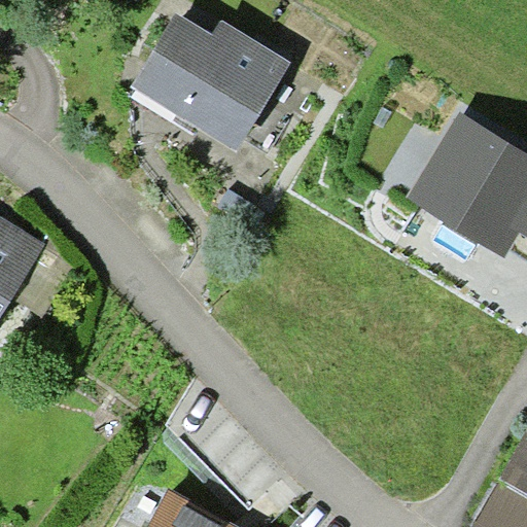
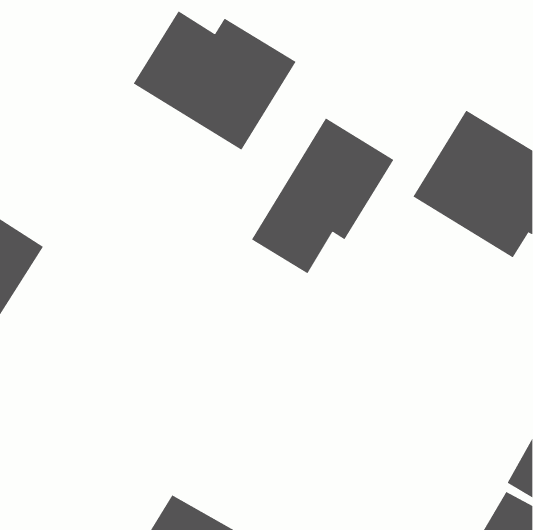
building: none -> [251,118,394,274]

